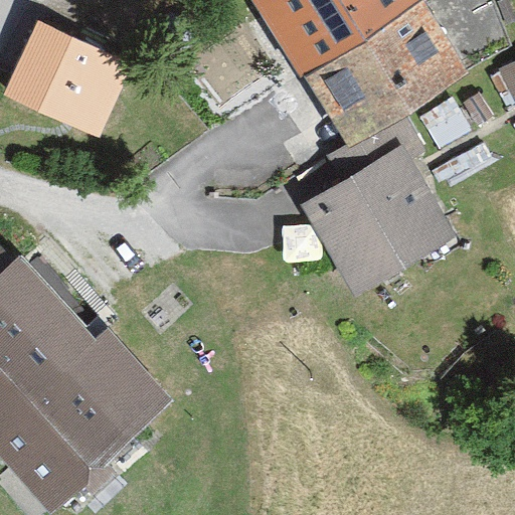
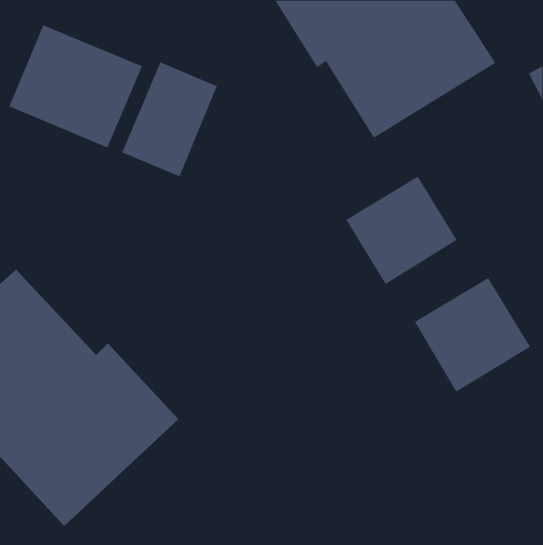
building: none -> [122,61,217,177]
building: none -> [414,277,531,392]

